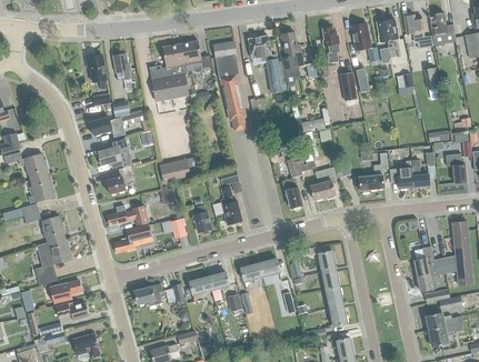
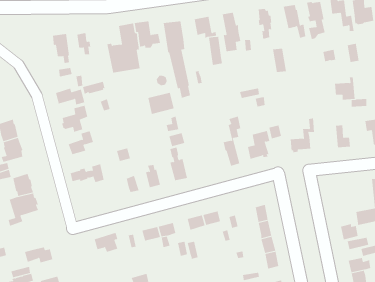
building: [159,159,190,184] -> [147,92,175,114]
building: [388,161,412,188] -> [334,77,356,100]
building: [111,225,151,252] -> none
building: [413,247,436,276] -> none
building: [48,280,80,303] -> none

